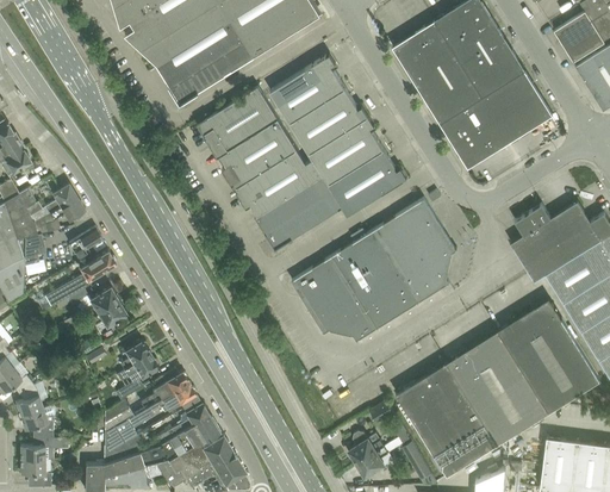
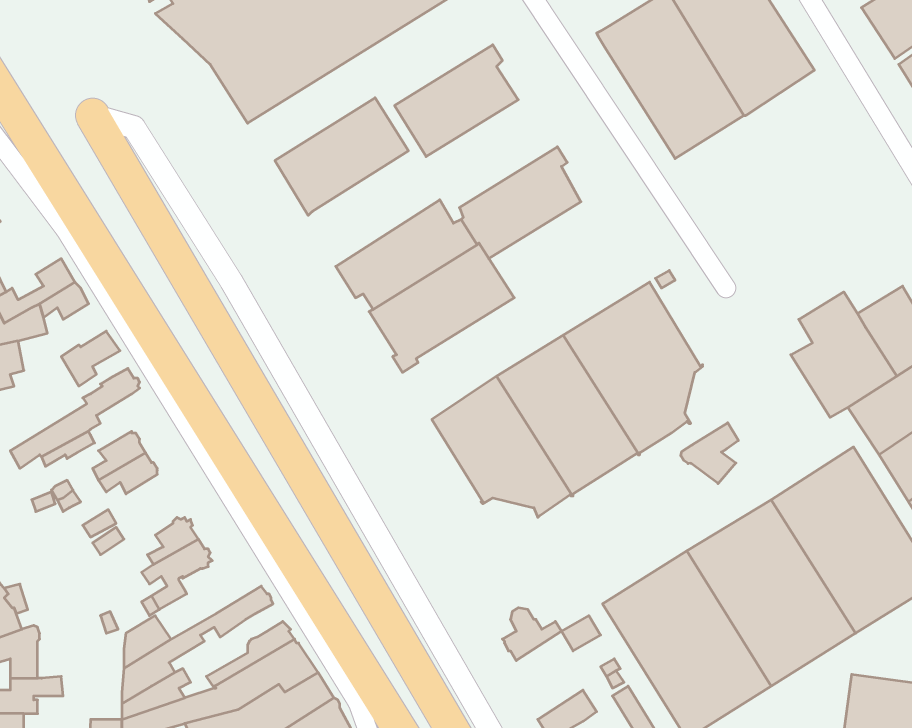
building: [441,70,554,168] -> none
building: [290,88,369,154] -> none
building: [220,119,298,189] -> none
building: [328,150,407,217] -> none
building: none -> [681,423,738,484]
building: [151,369,189,400] -> none
building: [349,432,385,465] -> [502,608,561,661]

